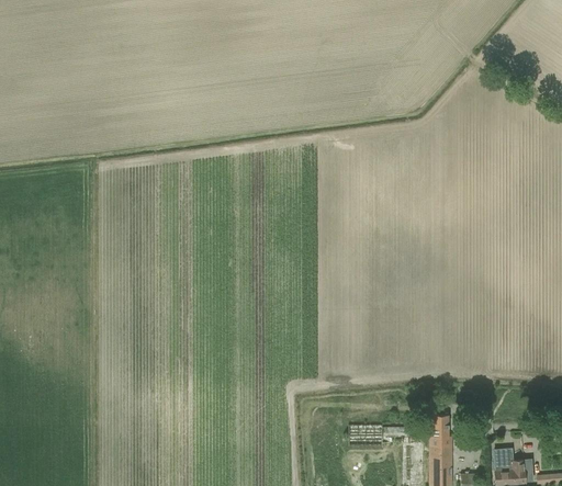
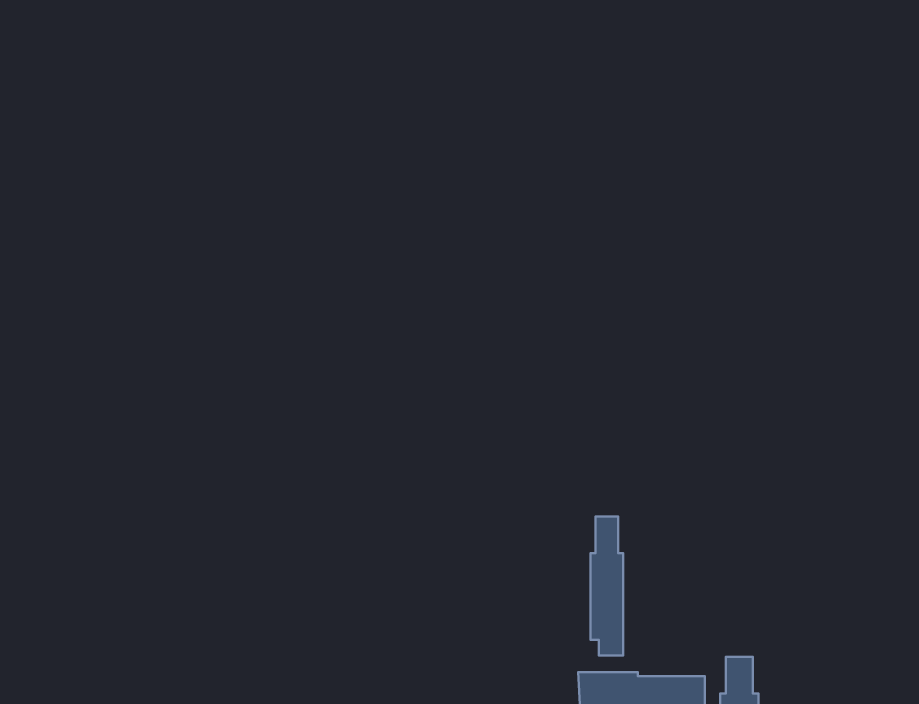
building: none -> [591,516,623,655]

